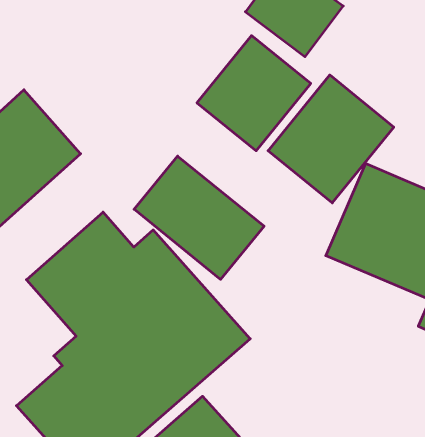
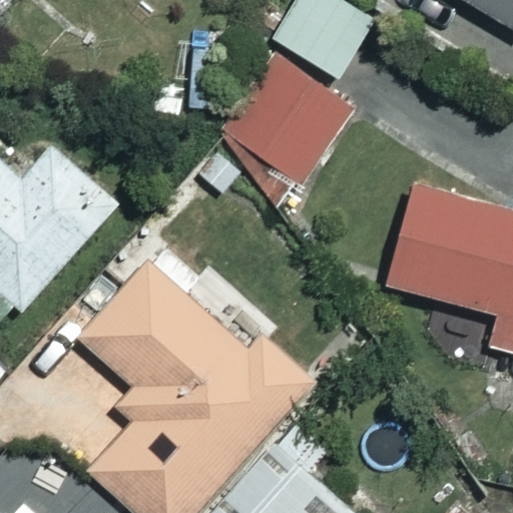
building: [268,75,394,203] -> none
building: [134,156,264,279] -> none

